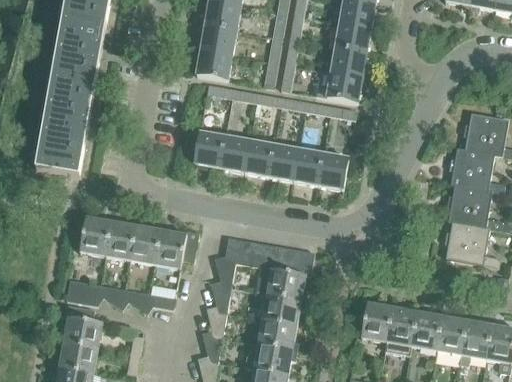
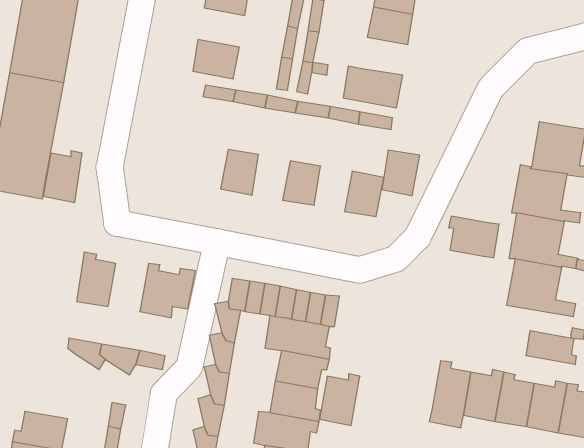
building: [201,23,238,54] -> none
building: [331,46,367,76] -> none
building: [194,130,225,166] -> none
building: [244,139,274,175] -> none
building: [293,148,323,184] -> [382,150,420,196]
building: none -> [449,216,499,258]
building: [80,214,111,255] -> [43,151,82,203]
building: [130,223,162,263] -> none
building: none -> [526,330,576,365]
building: [66,279,103,304] -> none
building: [361,300,393,341] -> [320,374,360,426]
building: [61,304,102,348] -> none

